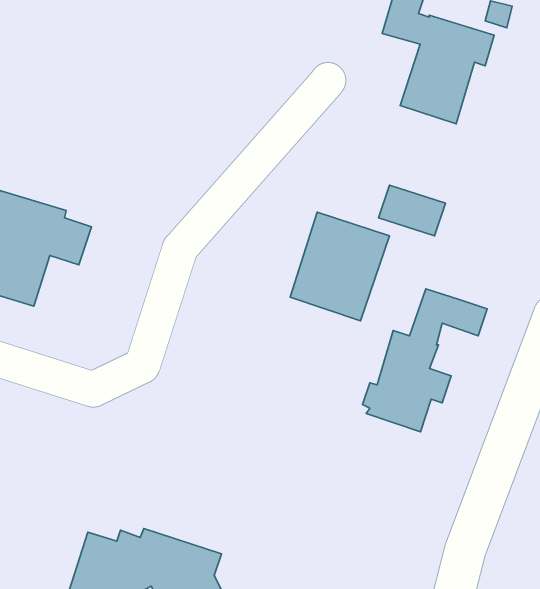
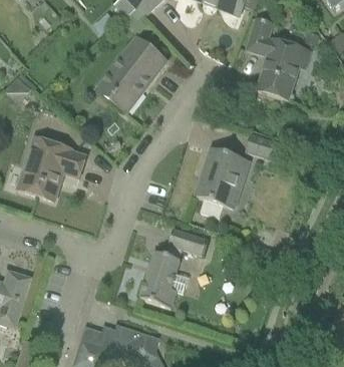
building: none -> [102,35,166,112]
building: [363,289,487,432] -> [138,228,208,307]

